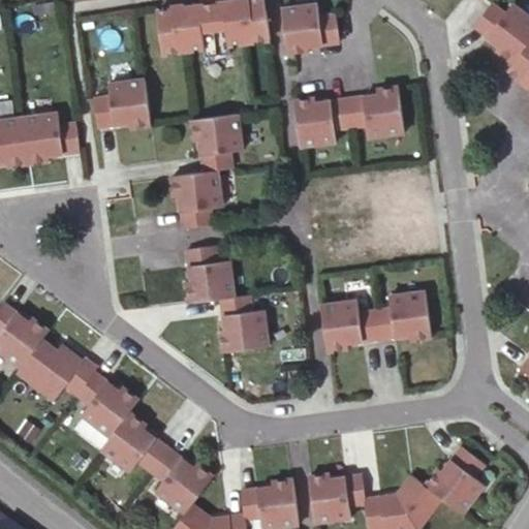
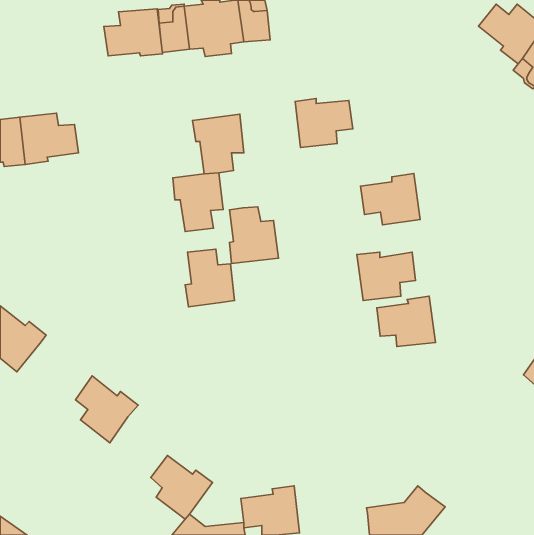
building: [280,4,338,54] -> none
building: [92,80,150,126] -> [104,9,162,56]
building: [345,87,404,137] -> [360,174,420,225]
building: [219,295,268,351] -> [229,207,279,263]
building: [318,304,376,351] -> [357,252,415,300]
building: [15,339,95,399] -> none
building: [99,411,166,471] -> none
building: [421,446,480,515] -> none
building: [307,475,364,524] -> none

